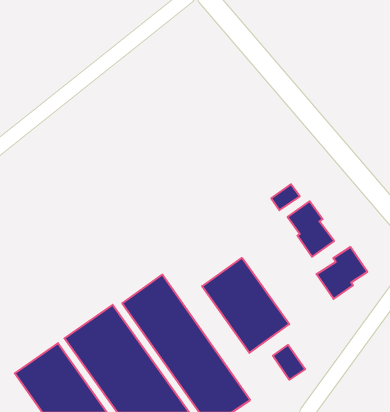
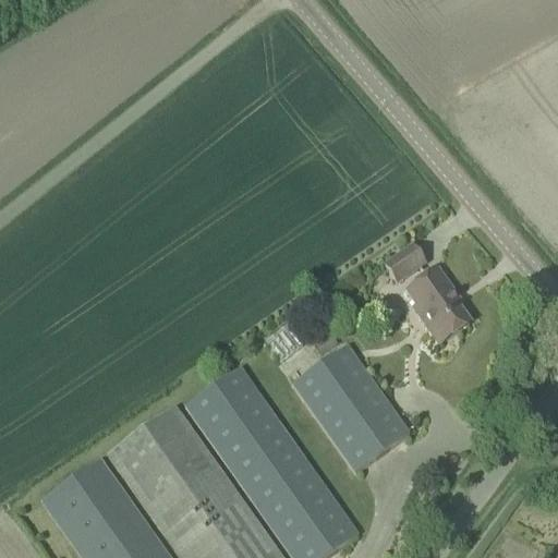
building: [316,247,367,299] -> none
building: [273,345,305,380] -> none

